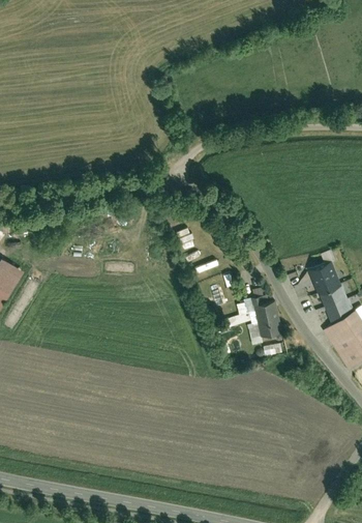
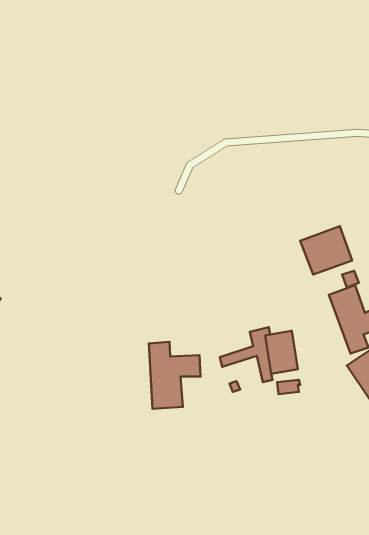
building: none -> [300,226,352,274]
building: none -> [149,342,200,409]

